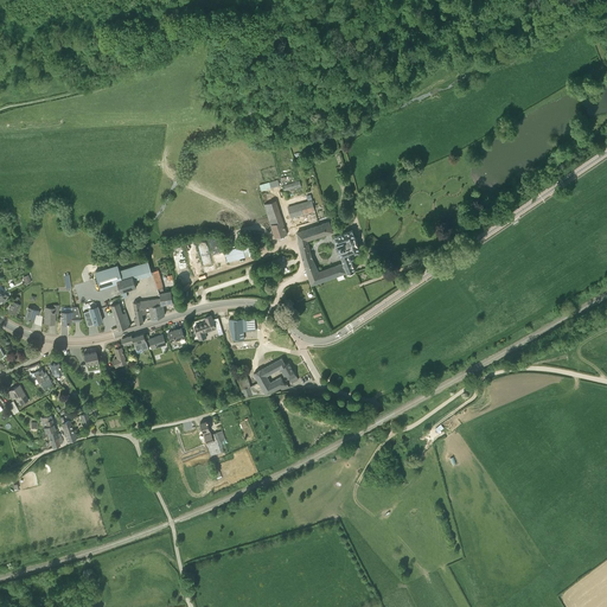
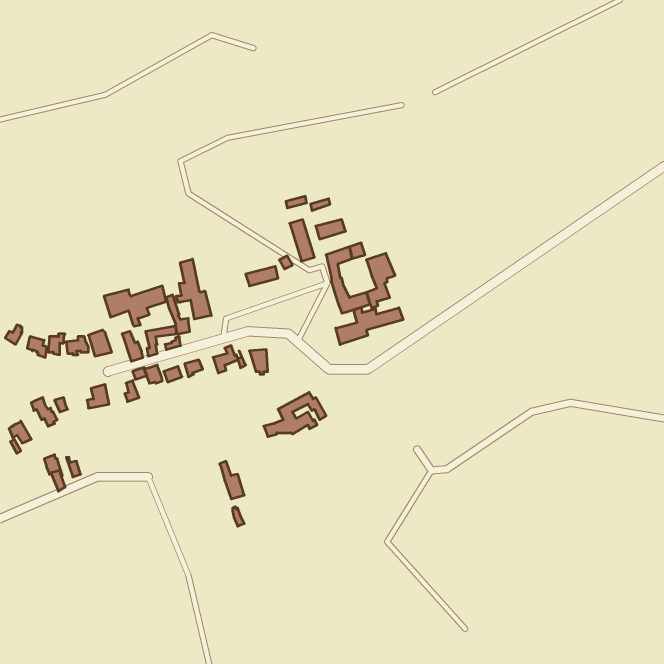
building: none -> [176,259,211,319]
building: none -> [336,307,403,345]

